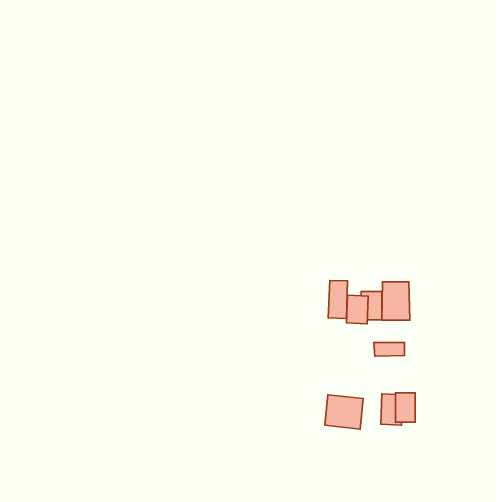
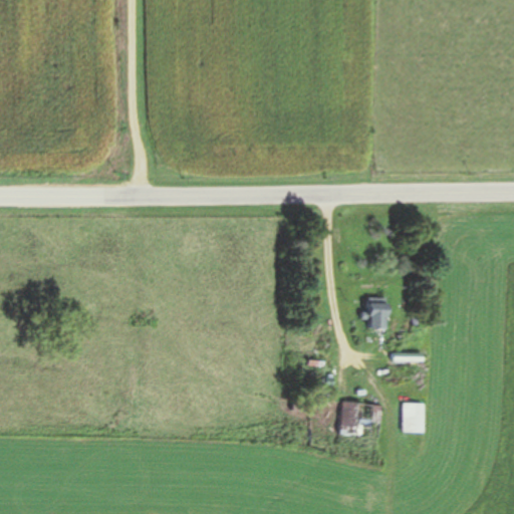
building: [328,280,347,319] -> none
building: [382,282,410,320] -> none

